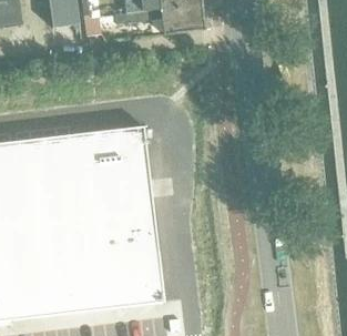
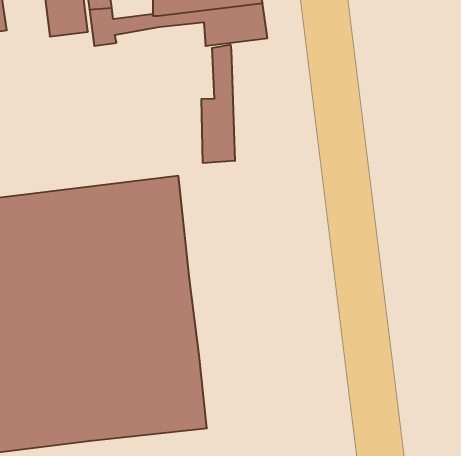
building: none -> [201,45,235,163]

